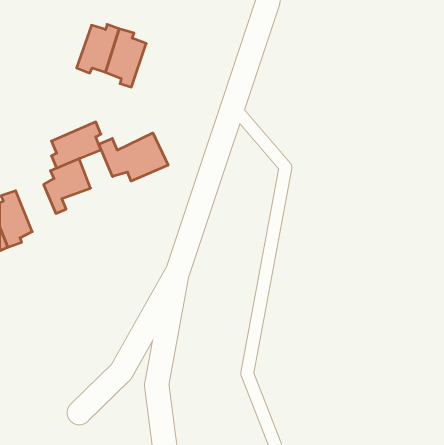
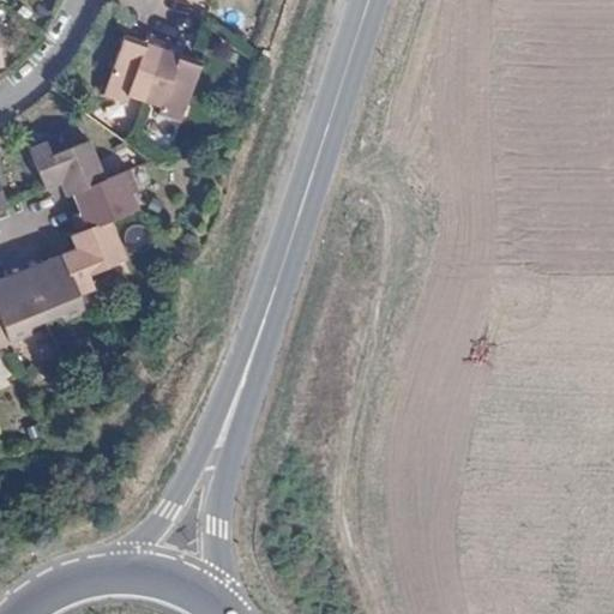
building: none -> [29,139,107,195]
building: [99,133,168,181] -> none
building: none -> [22,254,84,319]

